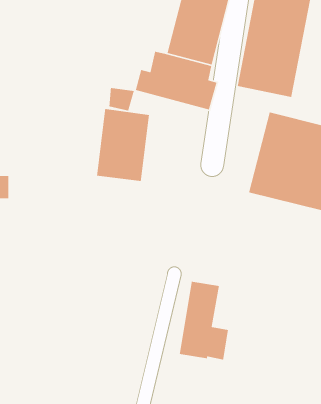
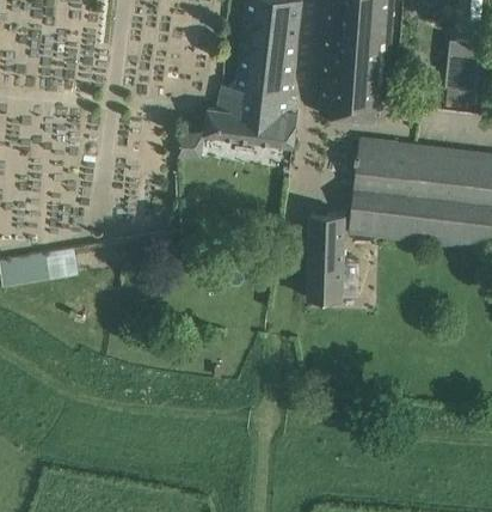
building: [96,108,150,182] -> none
building: [179,281,229,360] -> [307,212,361,299]

